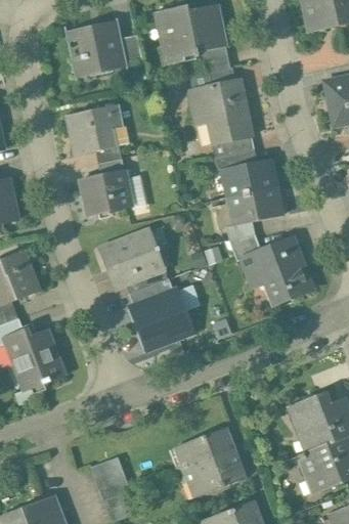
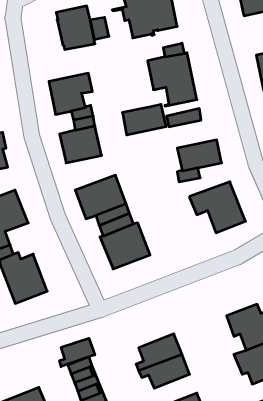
building: [202,46,230,73] -> none
building: [221,160,275,198] -> [122,104,166,135]
building: [228,234,261,261] -> none
building: none -> [60,338,95,367]

